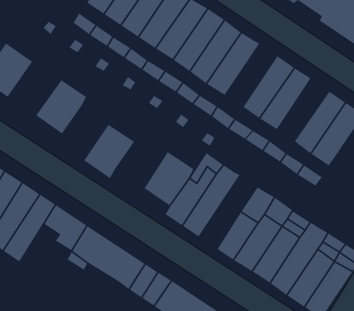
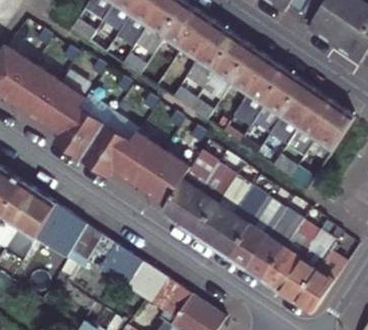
building: none -> [219,47,269,109]
building: none -> [9,65,60,117]
building: none -> [269,81,320,142]
building: none -> [56,108,106,160]
building: none -> [113,134,163,188]
building: none -> [194,175,250,246]

